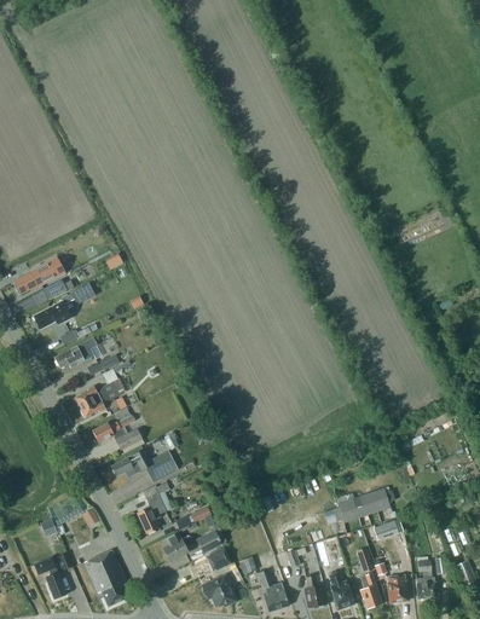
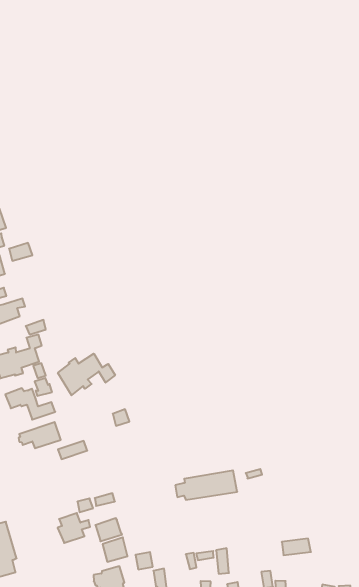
building: none -> [58,354,115,395]
building: [137,482,172,532] -> none
building: [332,487,392,522] -> [175,470,237,500]

